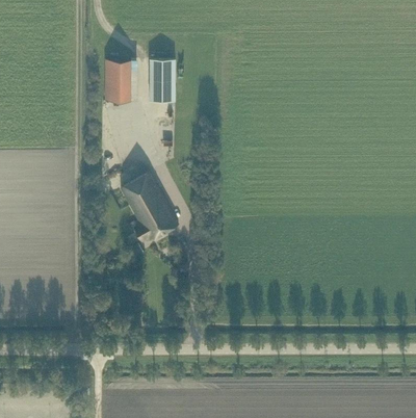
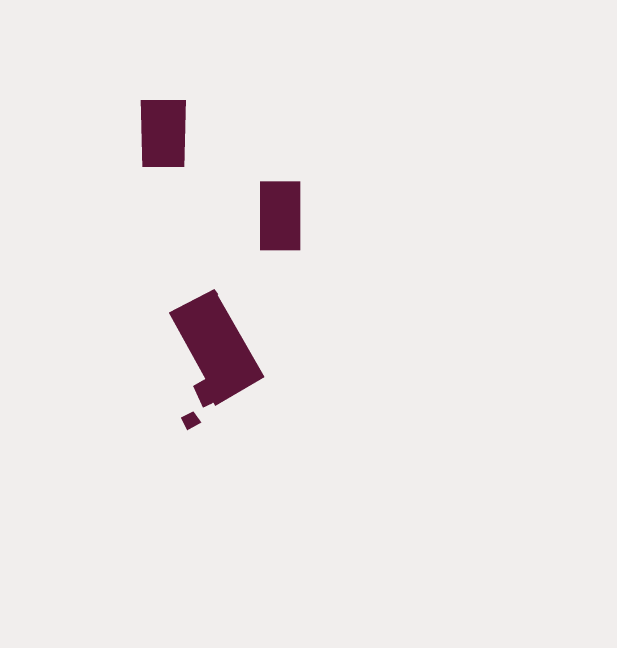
building: [150,60,175,102] -> [259,181,301,251]

